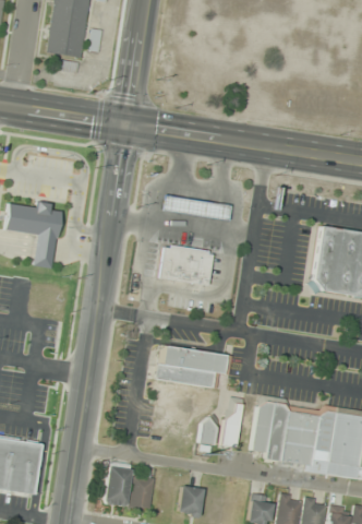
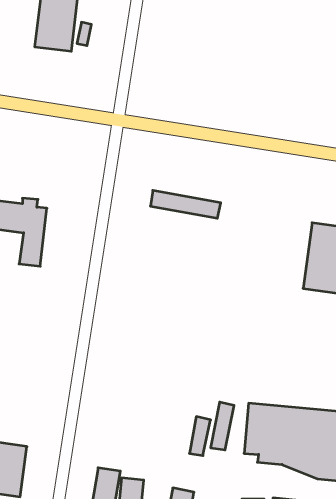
building: [159,243,215,285] -> none
building: [156,346,227,388] -> none

